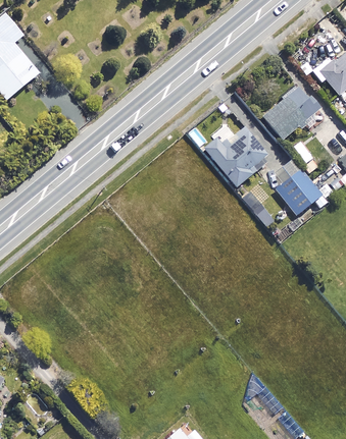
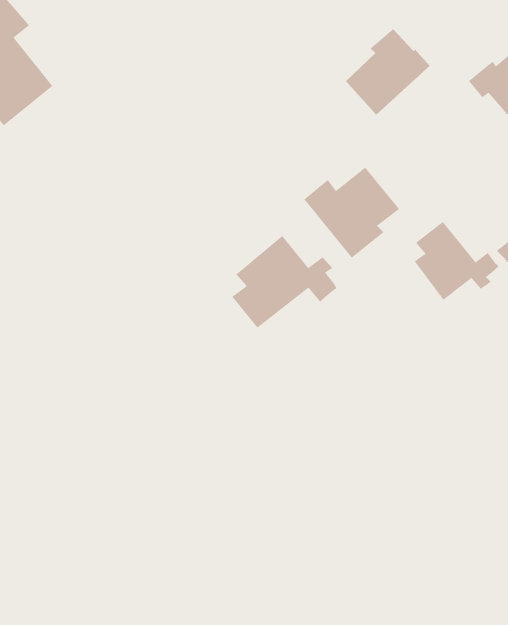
building: [263,83,319,140] -> [345,28,430,116]
building: none -> [231,235,337,329]

